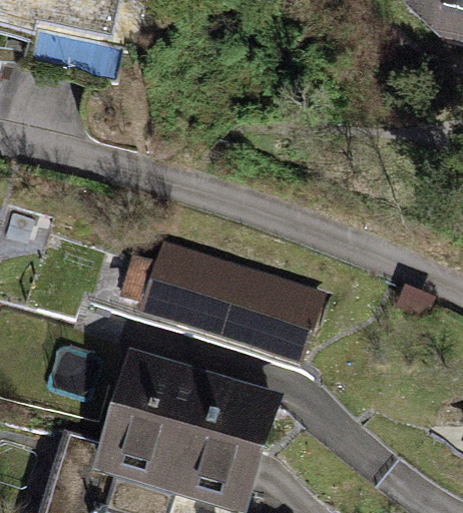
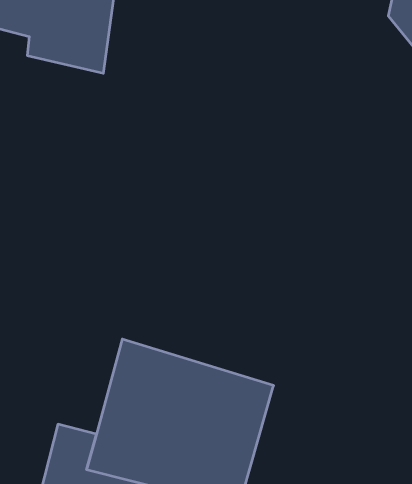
building: [116,232,324,365] -> none

